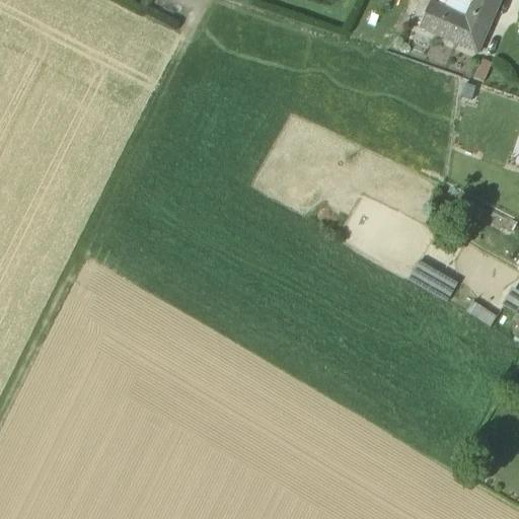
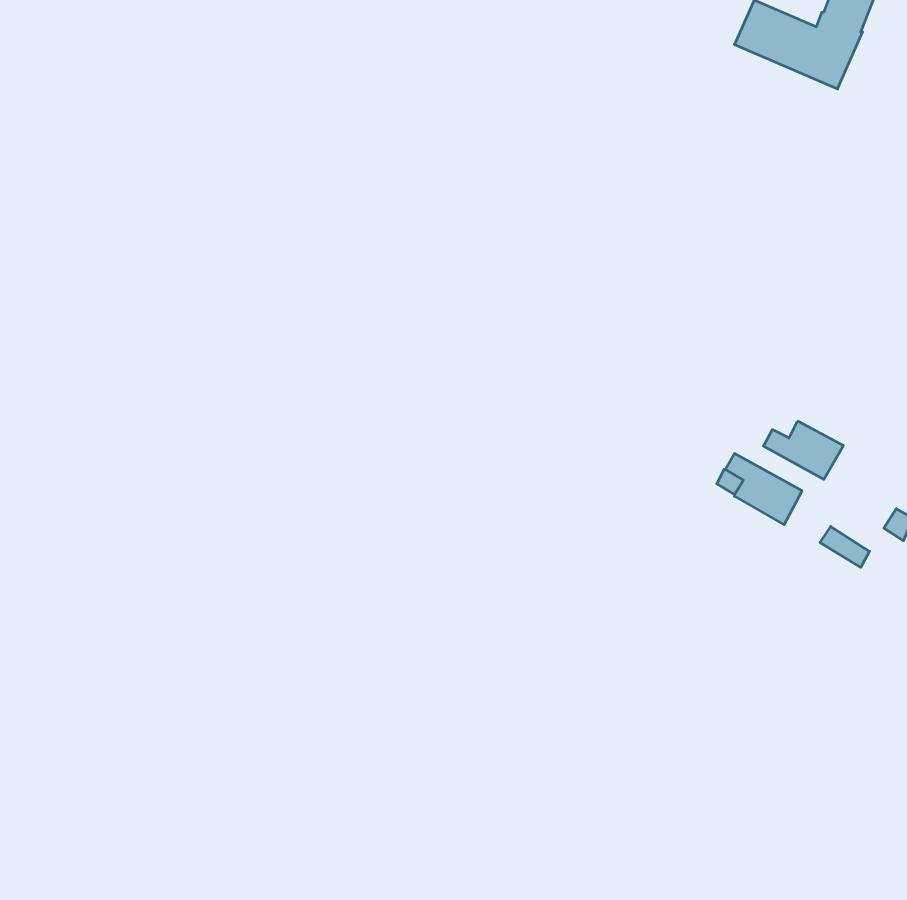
building: none -> [763,421,843,479]

